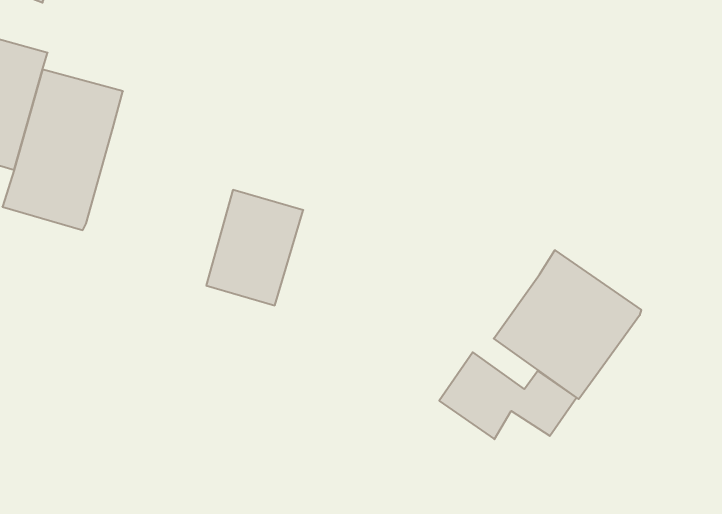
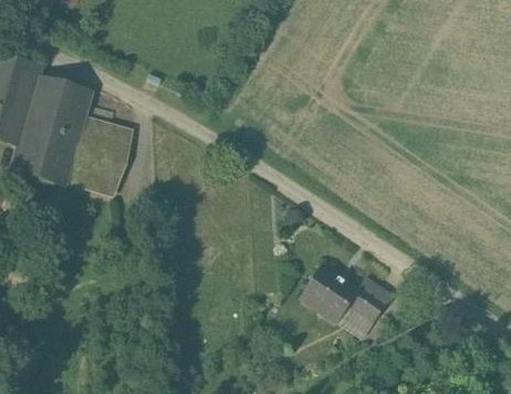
building: [206,190,303,305] -> [66,116,131,193]
building: [494,250,641,399] -> none

